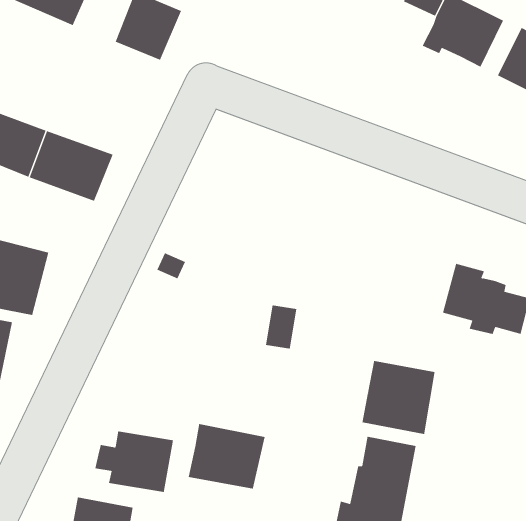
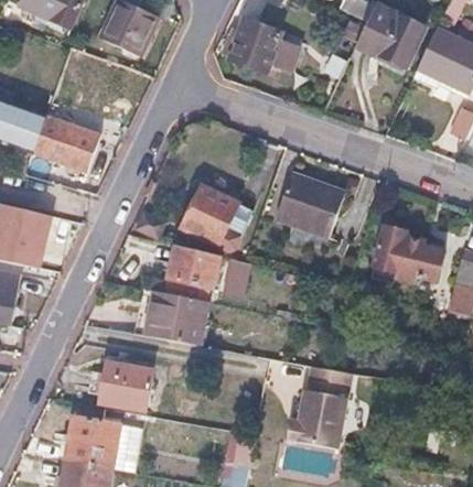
building: none -> [222,18,299,75]
building: none -> [276,176,344,240]
building: none -> [179,185,252,249]
building: none -> [165,246,217,289]
building: [362,360,435,435] -> none
building: [188,424,266,489] -> [141,292,205,346]

